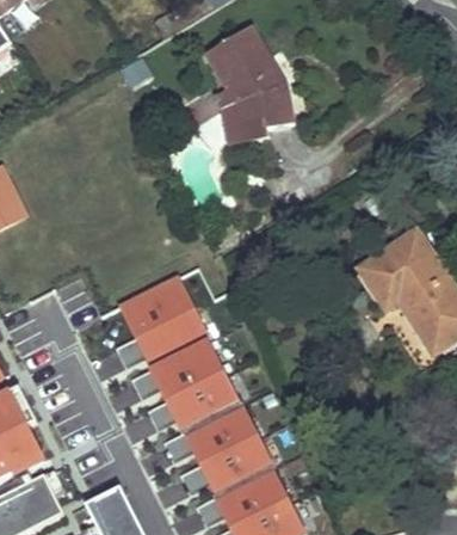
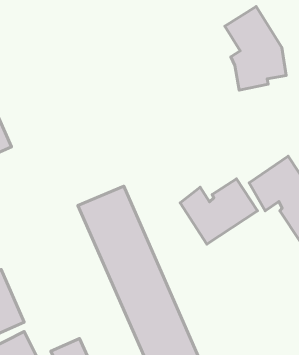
building: [204,21,290,139] -> [225,7,286,90]
building: none -> [180,179,257,244]

